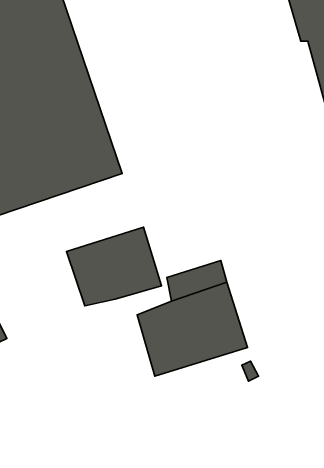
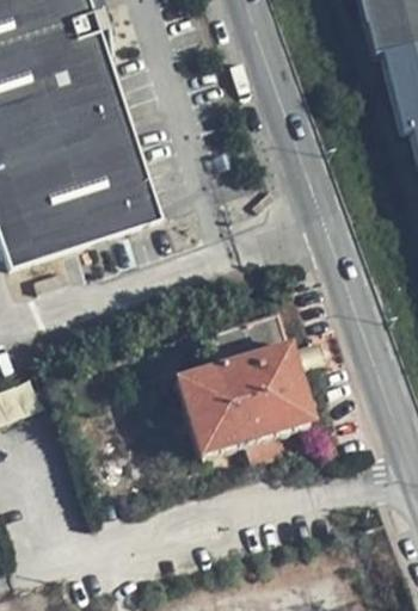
building: [67,227,162,306] -> none

